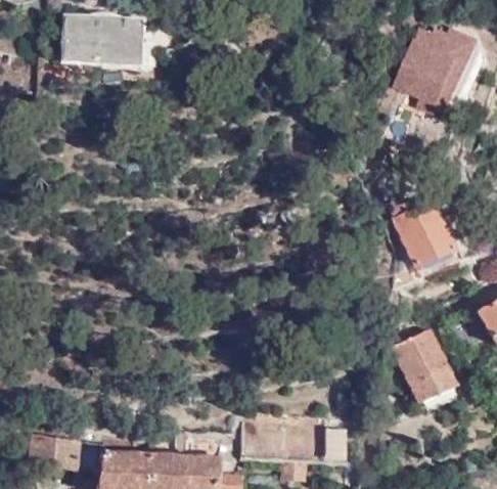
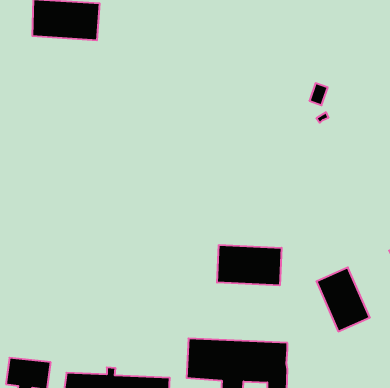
building: [398,41,466,100] -> none
building: [386,196,453,268] -> none
building: none -> [217,245,282,285]

